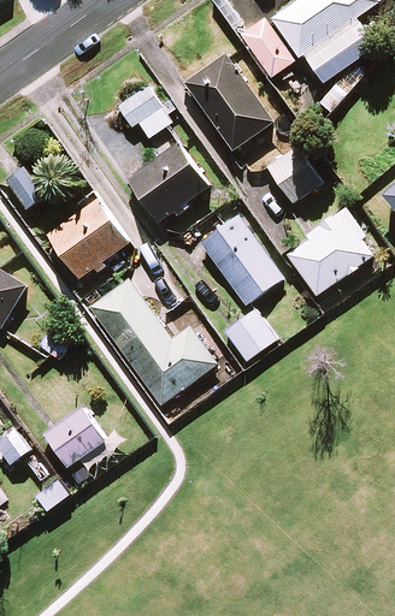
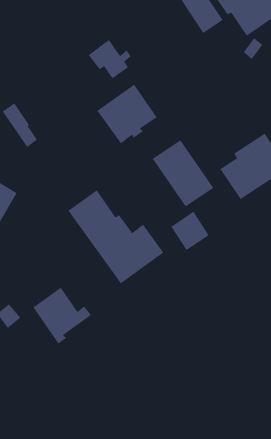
building: [184,53,272,150] -> none
building: [266,146,320,201] -> none
building: [48,199,128,277] -> none

